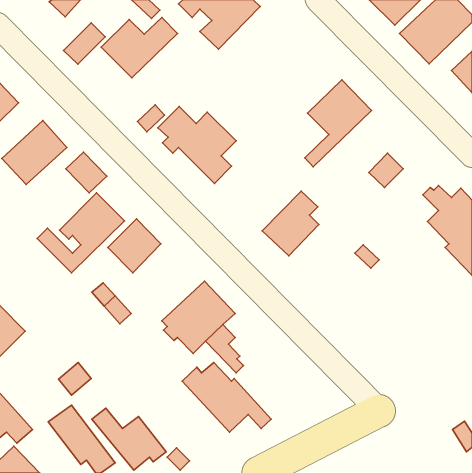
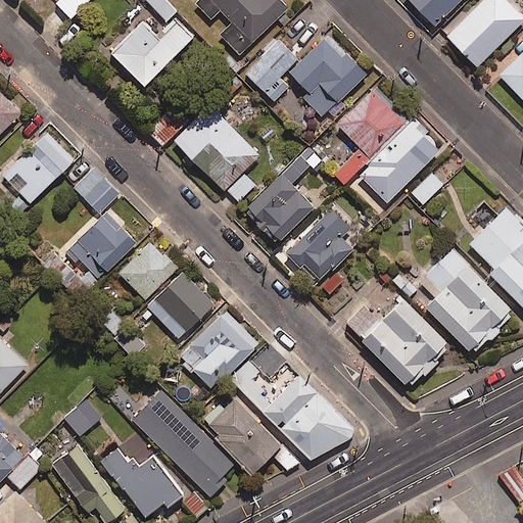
building: [64,23,105,64] -> none
building: none -> [290,36,365,116]
building: none -> [245,40,296,100]
building: none -> [360,122,440,203]
building: none -> [245,152,322,244]
building: none -> [419,247,515,353]
building: none -> [147,274,213,339]
building: none -> [345,300,453,389]
building: none -> [262,375,354,461]
building: none -> [133,392,233,496]

